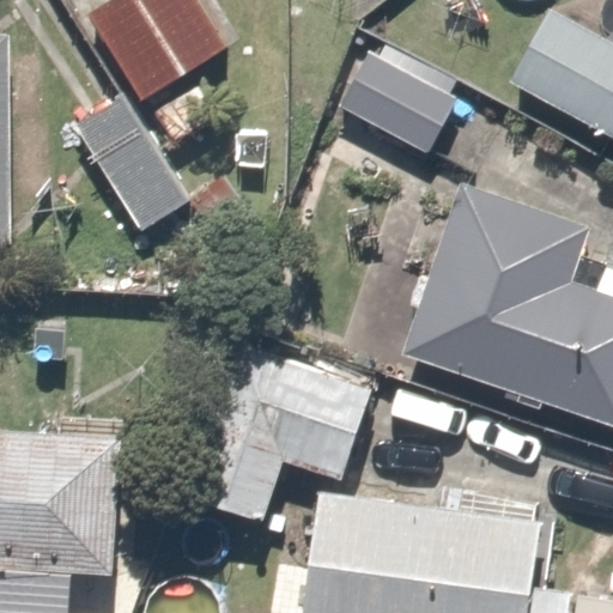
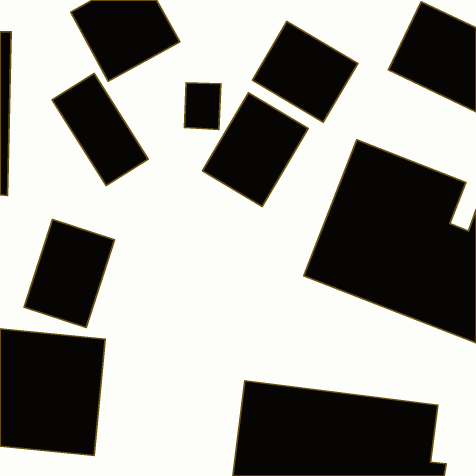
building: none -> [202,93,308,207]
building: none -> [24,220,115,328]
building: [186,339,382,534] -> none

